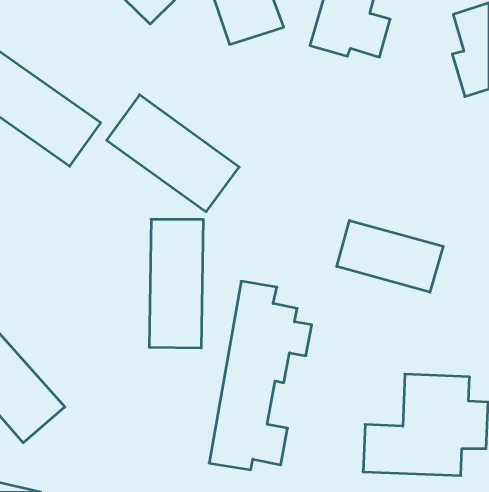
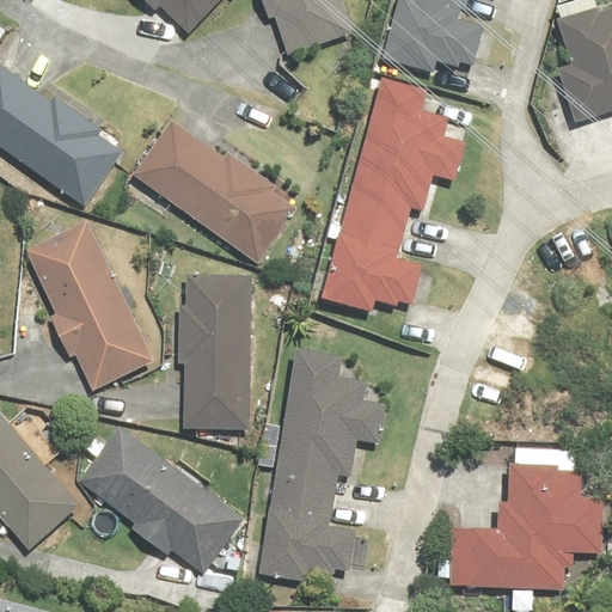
building: none -> [323,74,463,310]
building: none -> [23,219,155,390]
building: [337,220,443,292] -> none
building: none -> [74,424,243,575]

